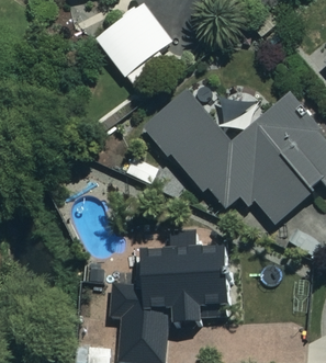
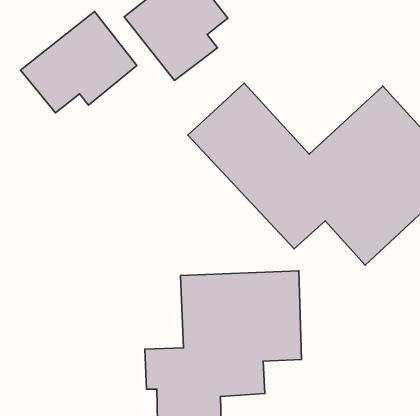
building: none -> [20,12,137,113]

